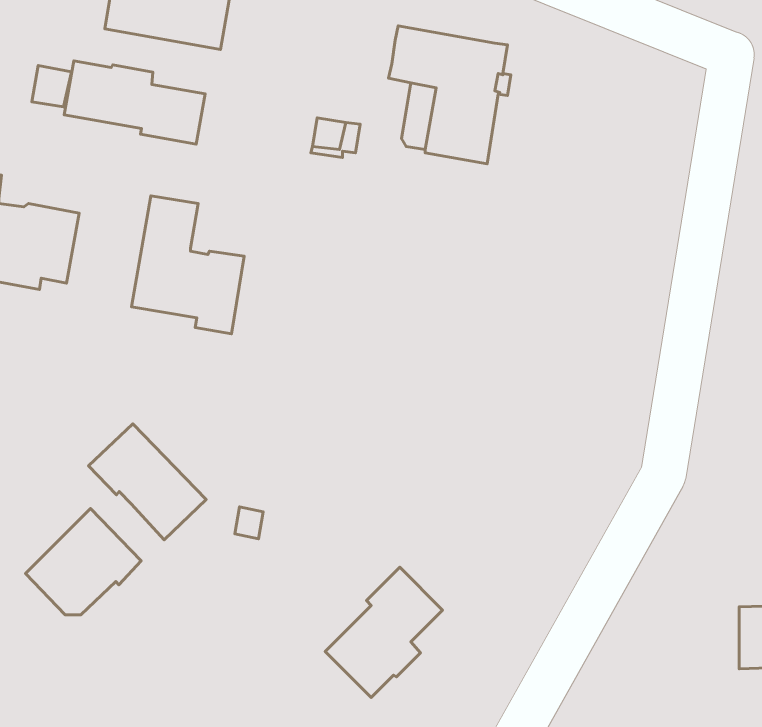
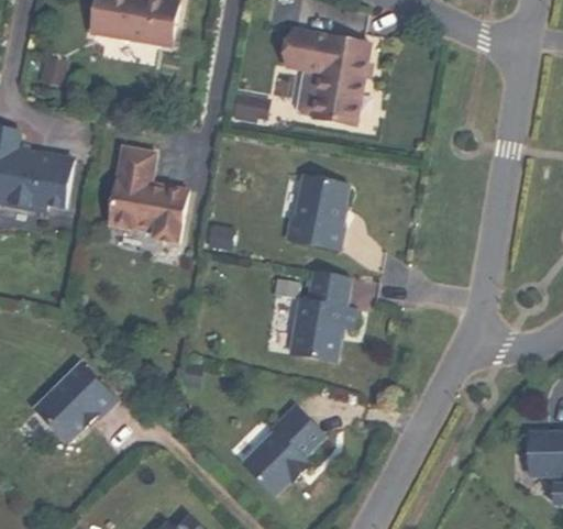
building: [64,61,205,144] -> none
building: none -> [286,174,347,247]
building: none -> [290,269,354,360]
building: [88,424,206,540] -> none

